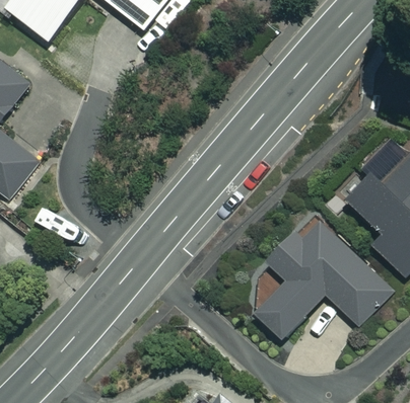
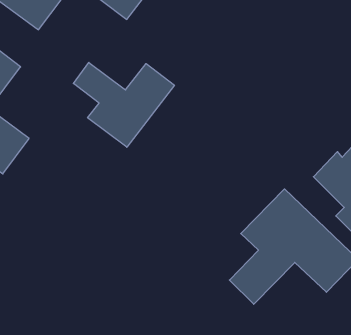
building: none -> [73,62,174,147]

